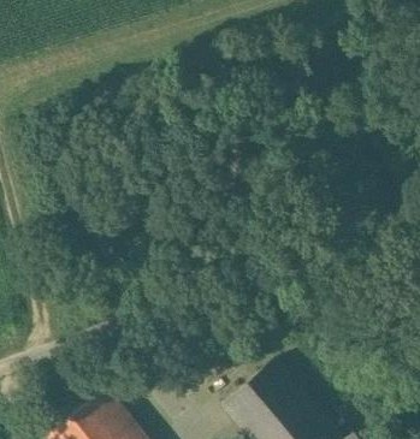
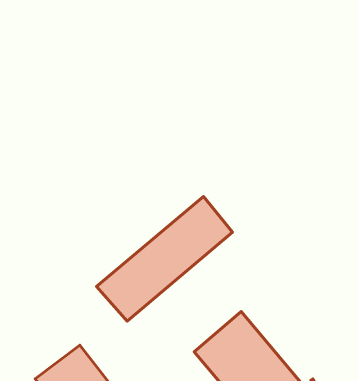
building: none -> [96,196,233,321]

